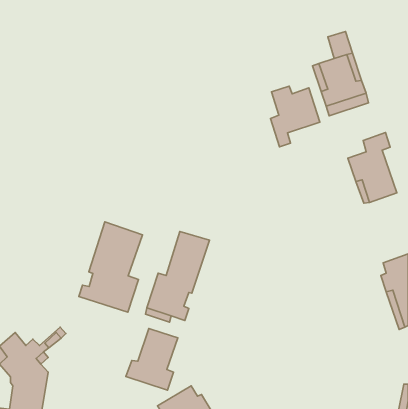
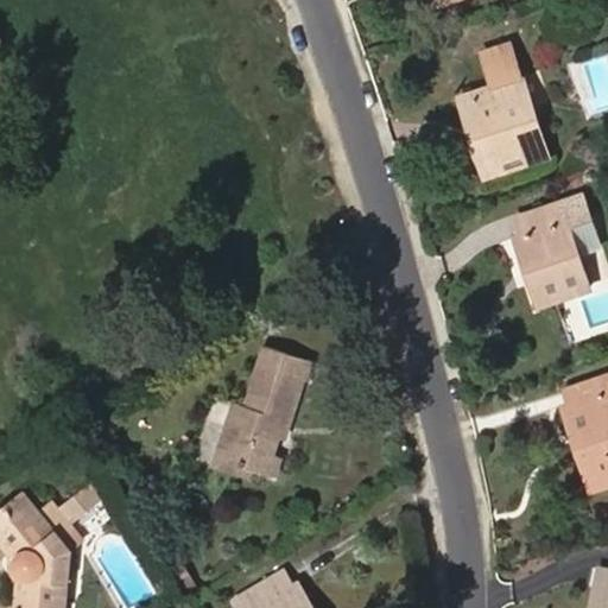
building: [271,86,320,147] -> none
building: [79,222,143,312] -> none
building: [126,329,178,390] -> none

